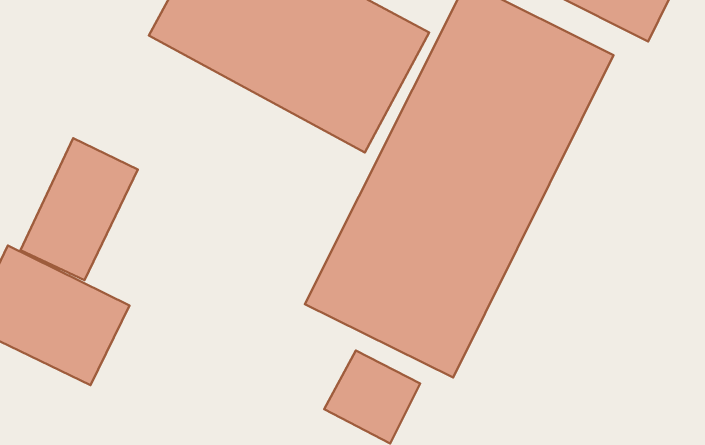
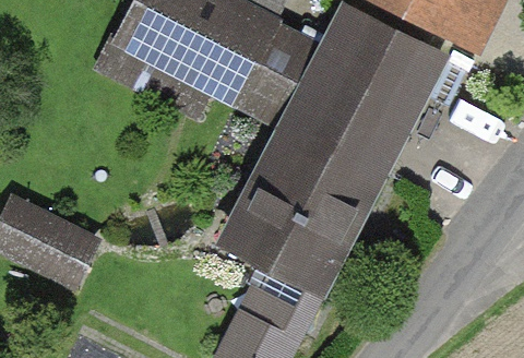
building: [20,138,138,280] -> none

